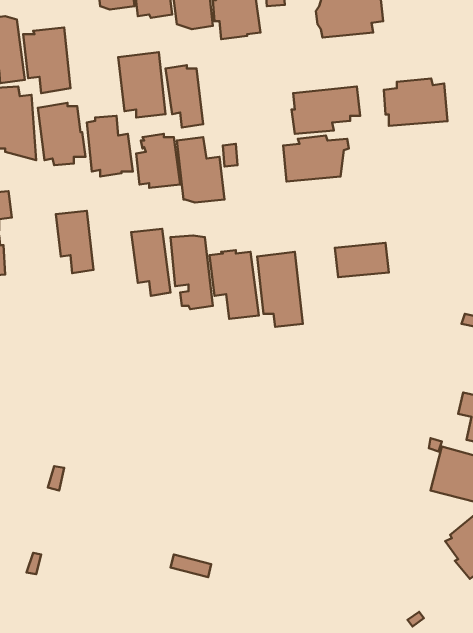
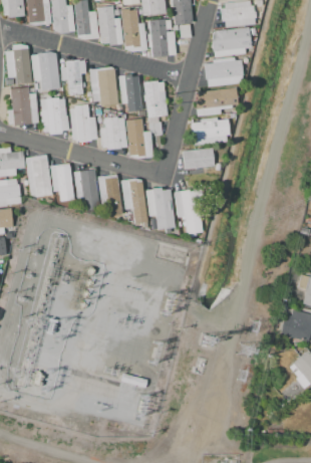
building: none -> [60,60,86,96]
building: none -> [144,80,168,118]
building: [384,79,448,126] -> [205,57,244,86]
building: none -> [25,155,51,197]
building: none -> [73,168,99,210]
building: [335,243,389,277] -> [182,148,215,169]

